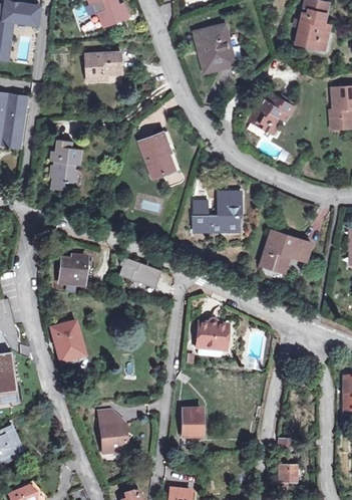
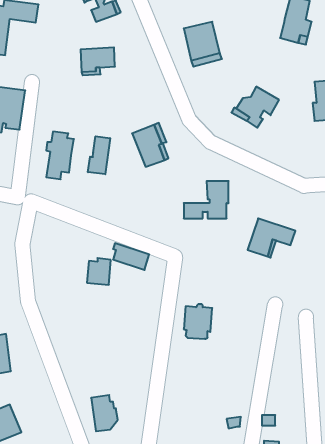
building: none -> [88,136,110,174]
building: [60,255,85,283] -> [87,258,111,285]
building: [52,322,82,359] -> none
building: [182,409,202,436] -> none

